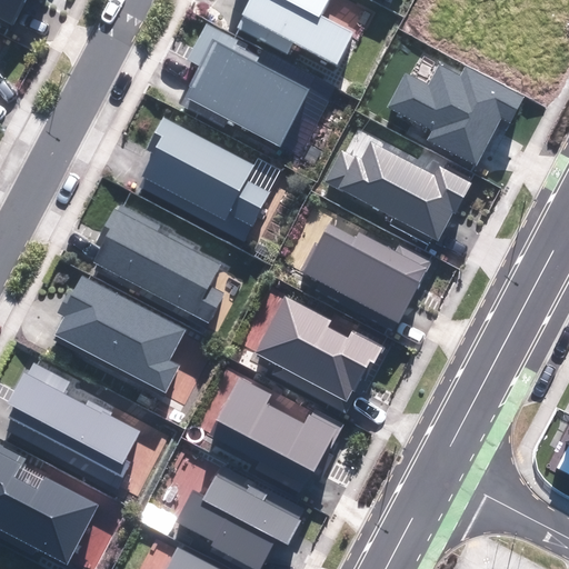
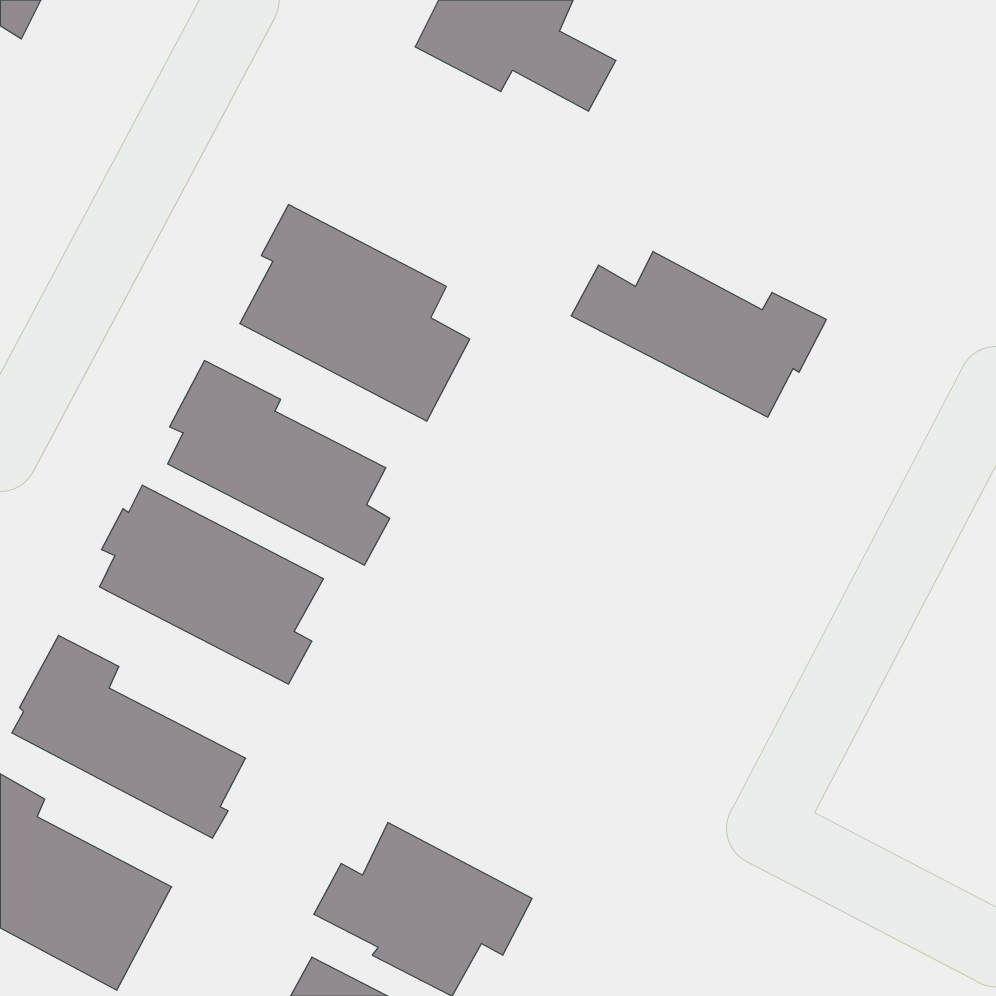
building: [182,23,308,144] -> none
building: [389,67,522,164] -> none
building: [301,224,430,322] -> none
building: [257,297,382,399] -> none
building: [209,378,340,491] -> none

